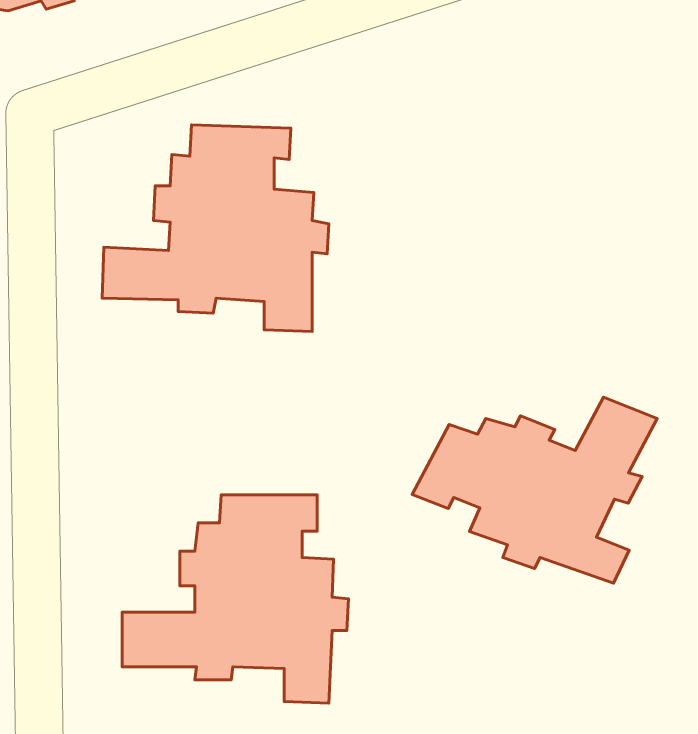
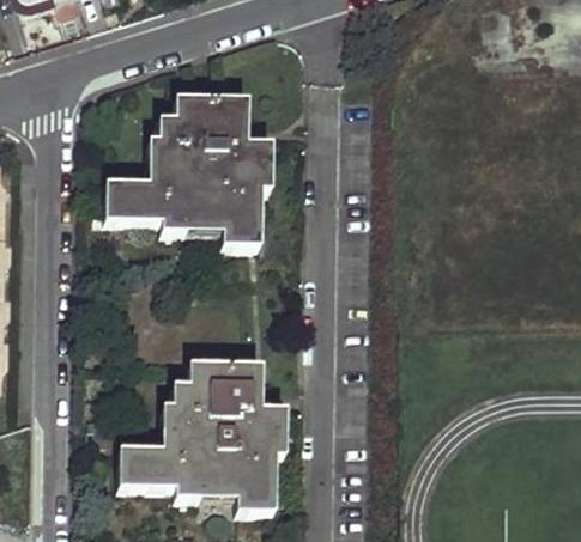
building: [412,397,657,583] -> none

